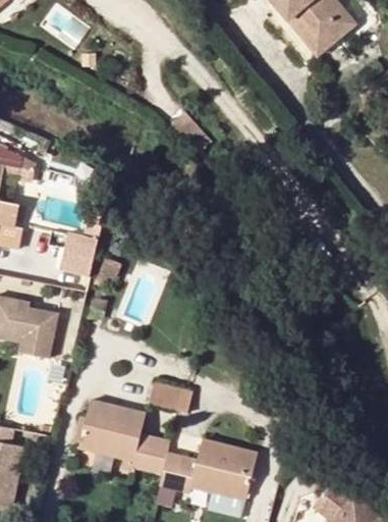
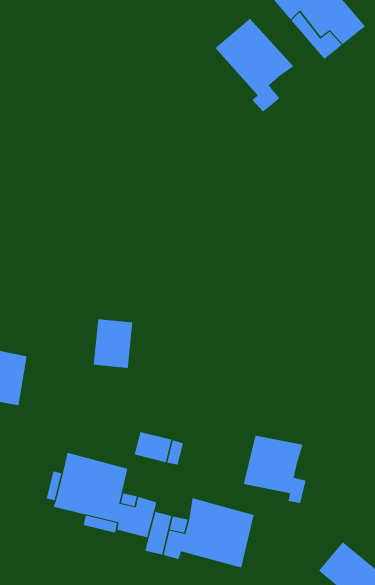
building: none -> [214,18,294,113]
building: [64,231,100,275] -> [93,319,133,368]
building: none -> [243,435,306,504]

